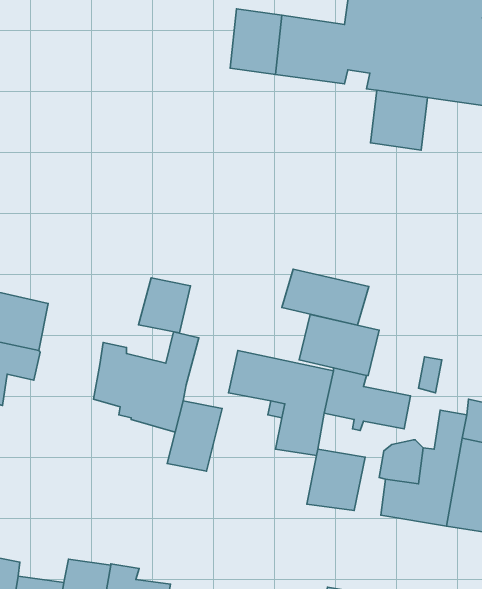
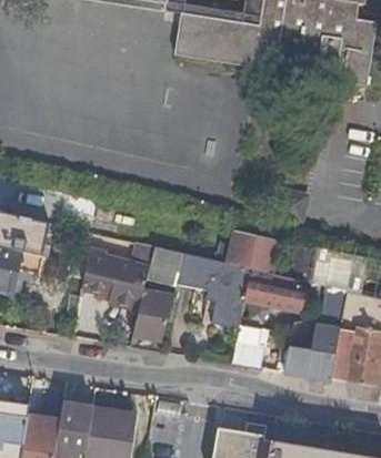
building: [370,90,428,150] -> none
building: [282,269,369,325] -> none
building: [139,278,190,333] -> [147,246,183,285]

